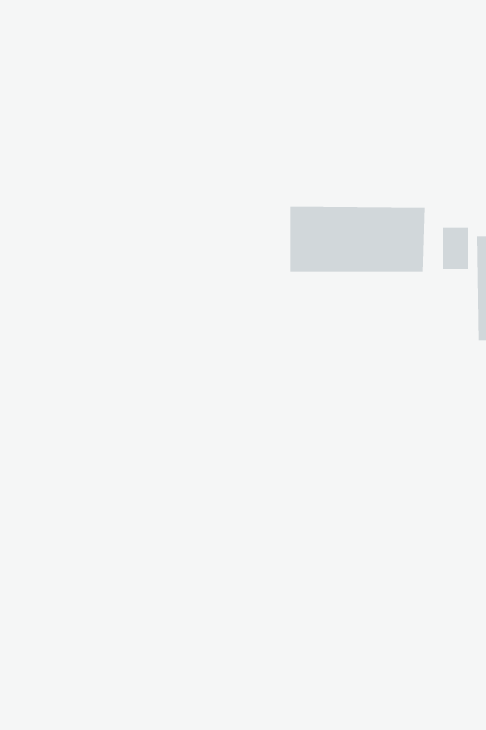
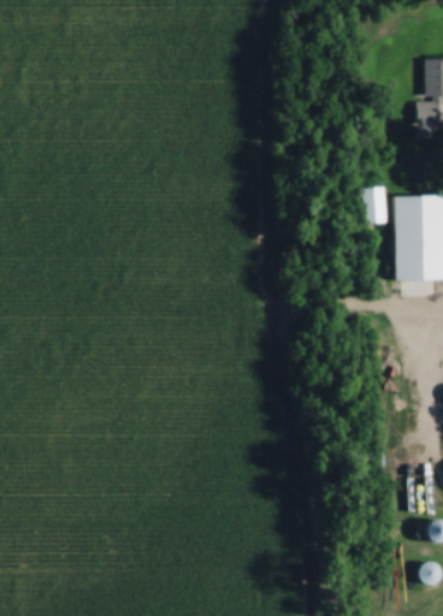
building: [289,206,425,273] -> none

